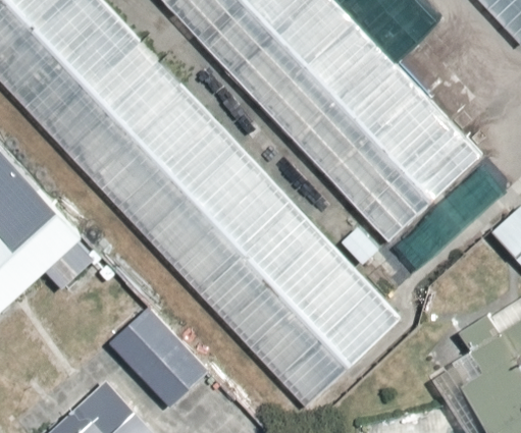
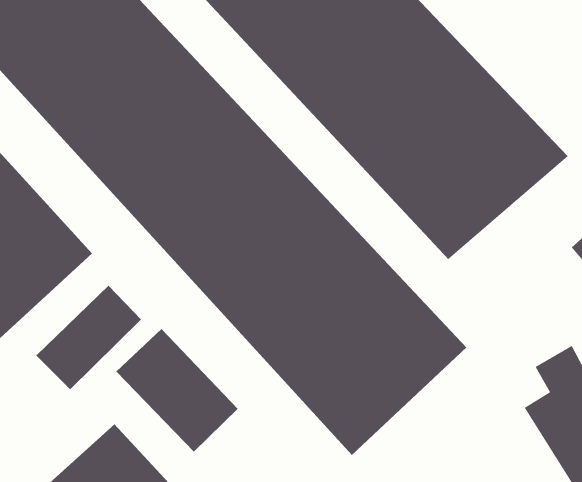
building: none -> [36,285,142,390]

